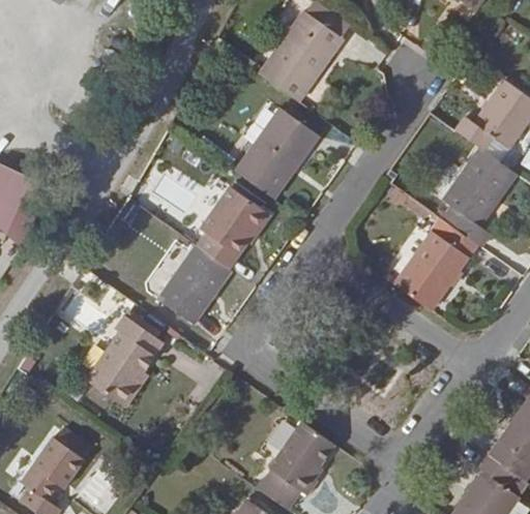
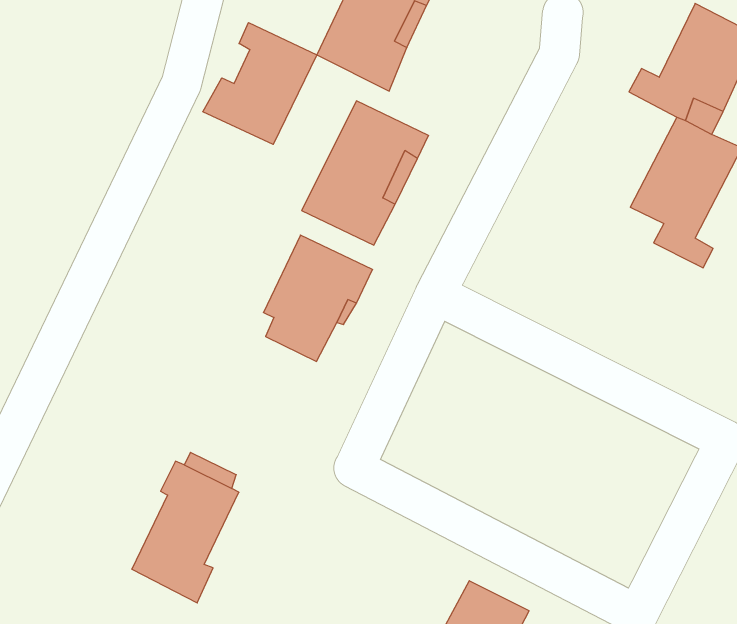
building: none -> [203,23,317,144]
building: [392,217,477,310] -> none
building: [146,238,234,328] -> none

